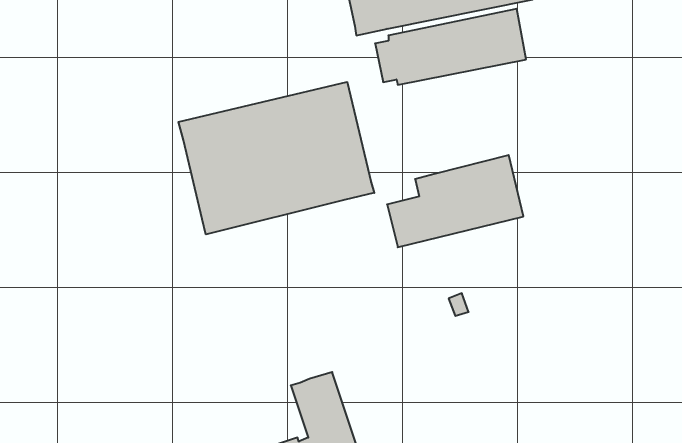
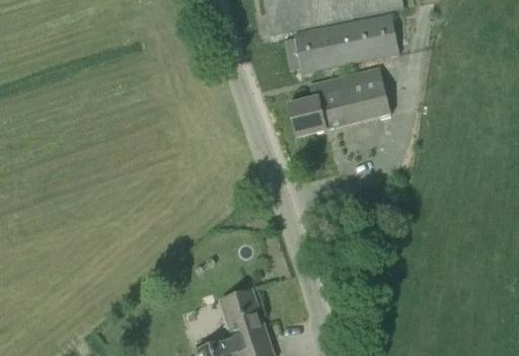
building: [178,82,374,234] -> none
building: [387,155,523,247] -> [288,67,391,137]

